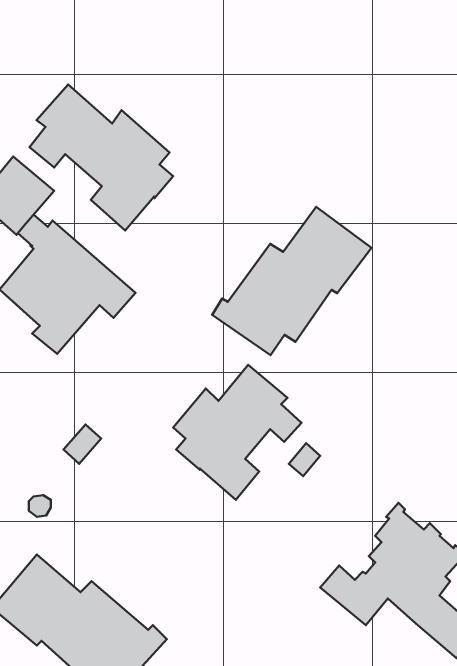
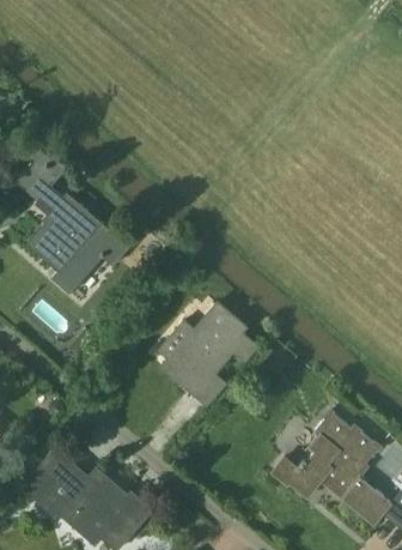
building: [30,85,173,230] -> none
building: [212,207,372,355] -> none

